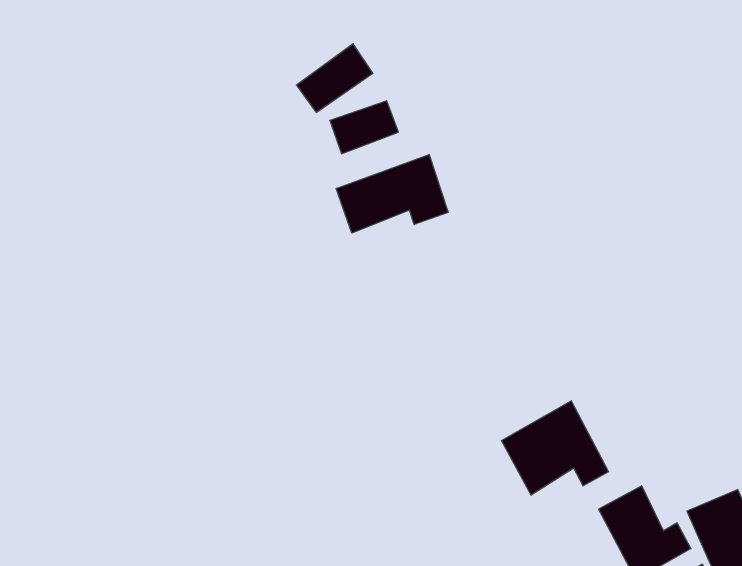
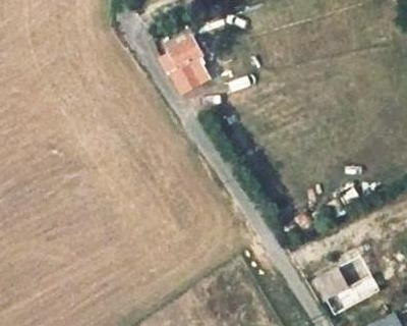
building: [336,154,448,233] -> none
building: [501,401,609,495] -> none

